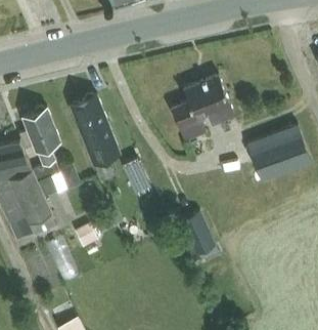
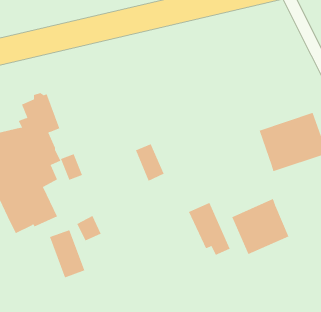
building: [171,75,235,142] -> none
building: [70,95,119,181] -> none
building: none -> [231,198,289,255]

